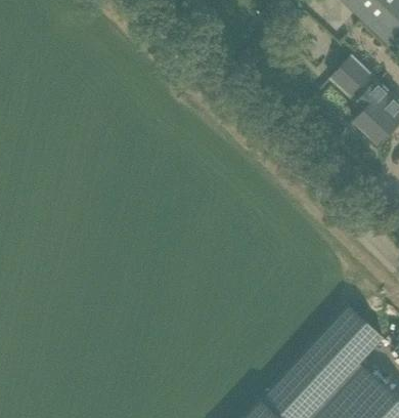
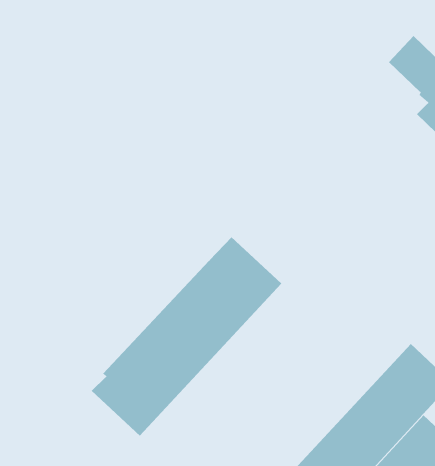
building: none -> [91,237,282,436]

